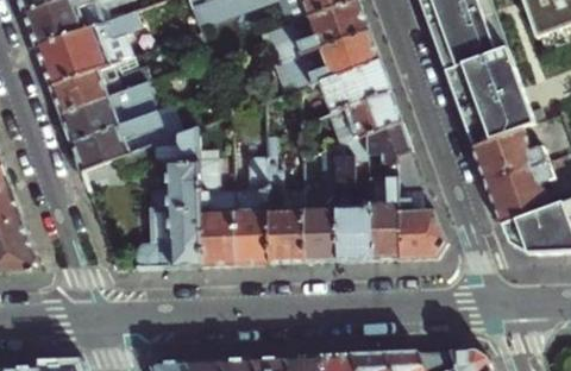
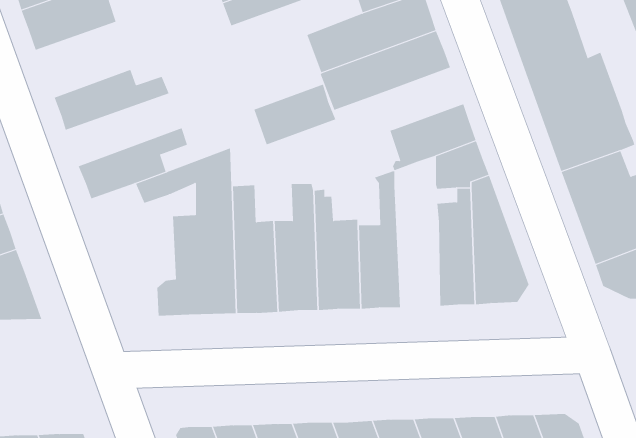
building: [34,12,142,87] -> none
building: [322,62,391,113] -> [253,84,336,145]
building: [59,83,151,144] -> none
building: [334,140,371,262] -> none

